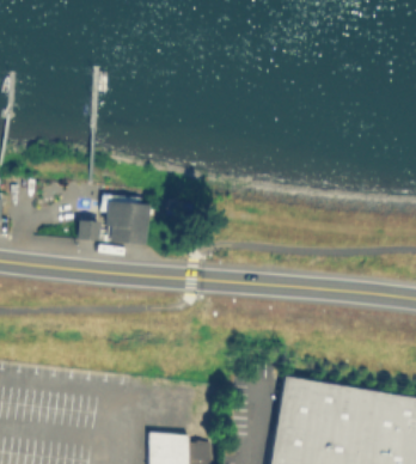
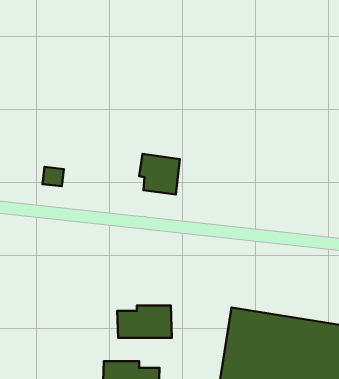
building: [105,199,151,244] -> [139,154,180,194]
building: none -> [117,306,172,338]

